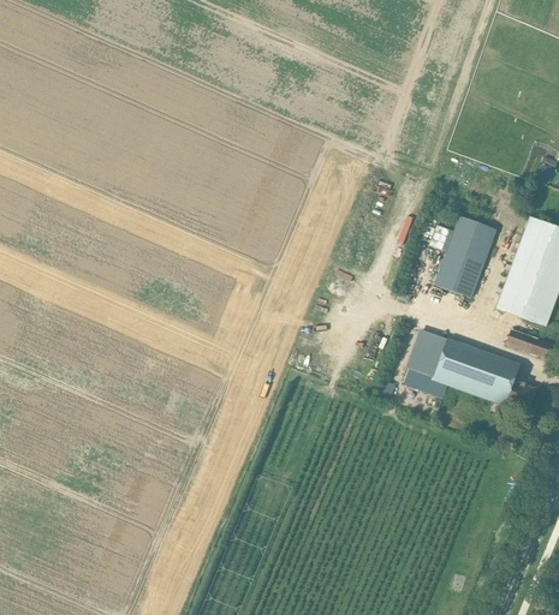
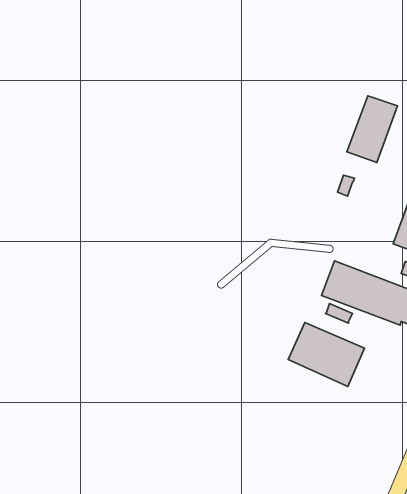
building: [433,216,494,297] -> [347,96,398,163]
building: none -> [288,322,364,386]

